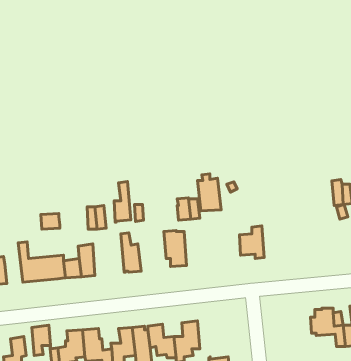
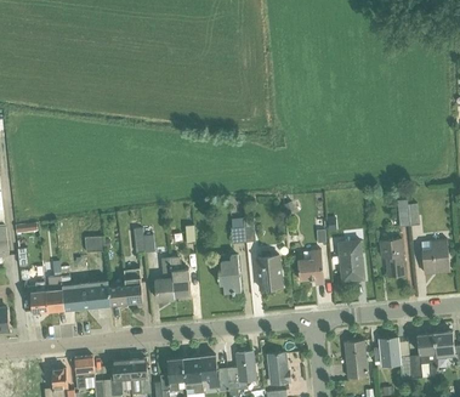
building: [197,174,221,211] -> [256,249,282,289]
building: [114,182,131,222] -> [155,257,174,301]
building: none -> [379,238,404,277]
building: none -> [337,239,364,280]
building: none -> [45,262,64,311]
building: none -> [345,340,368,378]
building: none -> [267,352,290,384]

